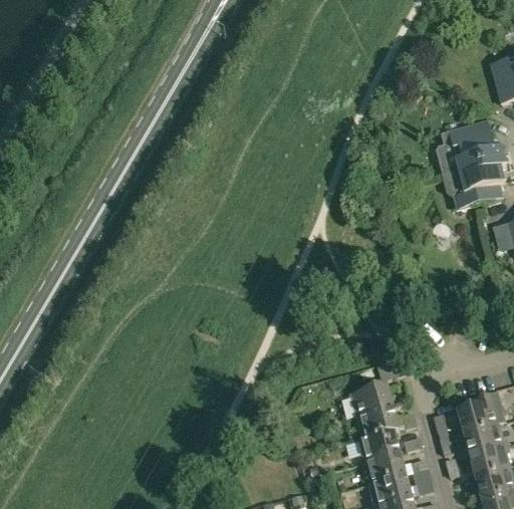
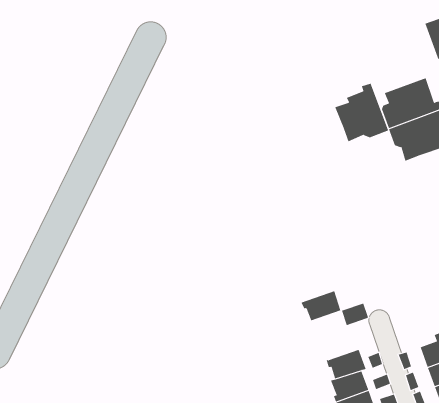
building: none -> [335,83,389,142]
building: [349,386,393,417] -> [301,290,341,321]

